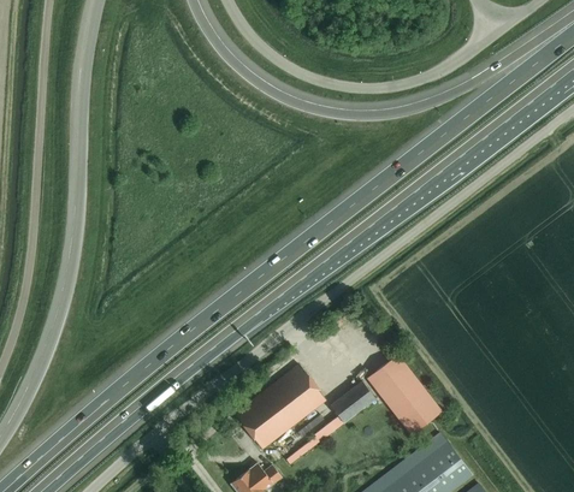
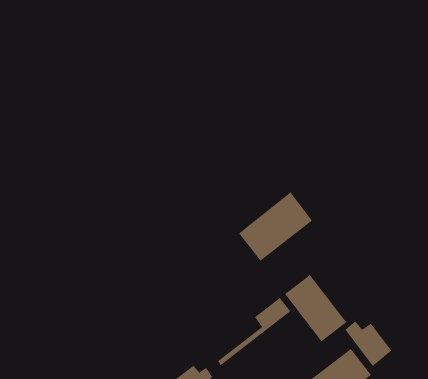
building: [235,363,325,447] -> [238,192,313,262]
building: none -> [345,320,392,367]

